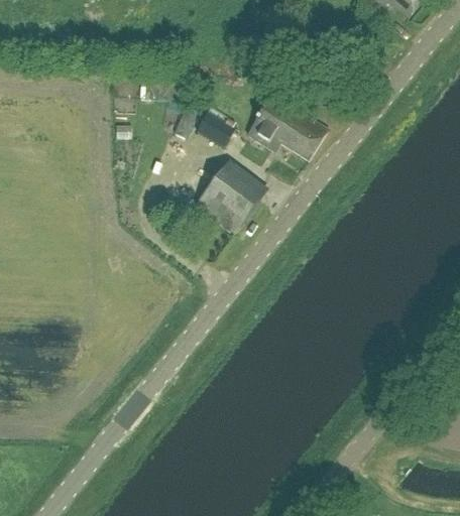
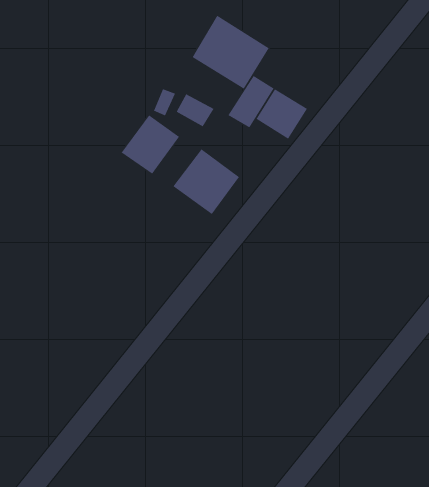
building: none -> [192,15,270,90]
building: none -> [121,114,180,175]

